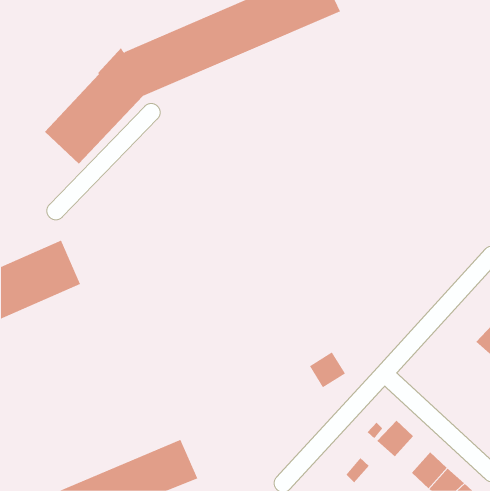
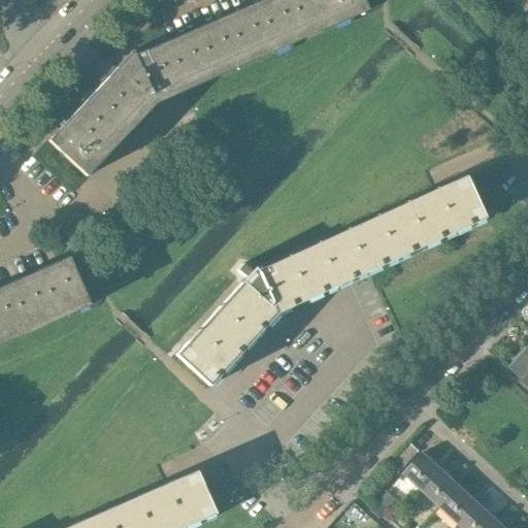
building: none -> [175,177,484,387]
building: [309,351,346,388] -> none
building: none -> [425,467,463,506]

